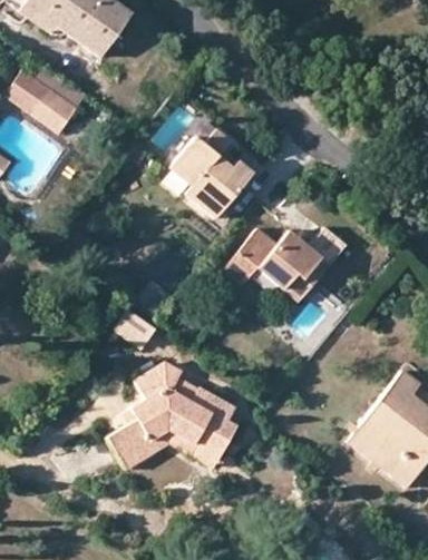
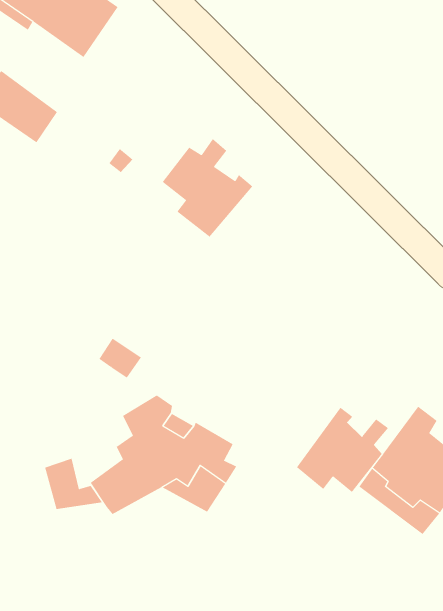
building: [222,225,347,303] -> none
building: none -> [296,407,389,493]
building: none -> [44,458,103,510]

